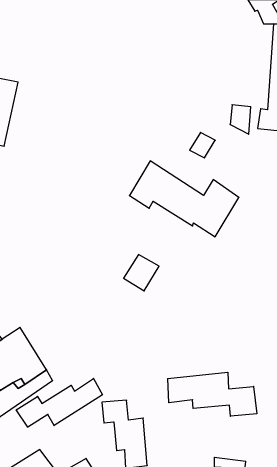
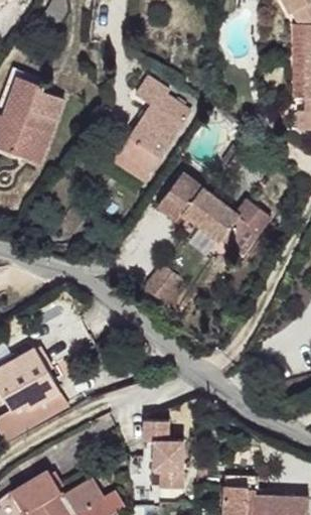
building: none -> [109,82,188,189]
building: [168,372,257,416] -> none
building: [16,378,102,427] -> none

